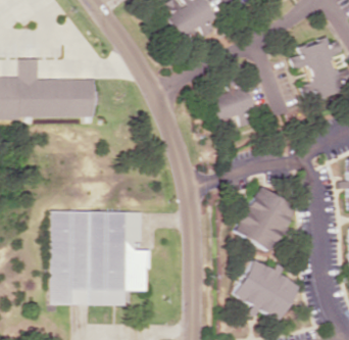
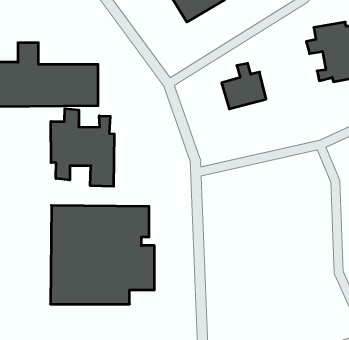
building: none -> [51,109,114,186]
building: [236,186,295,250] -> none
building: [234,258,298,321] -> none

